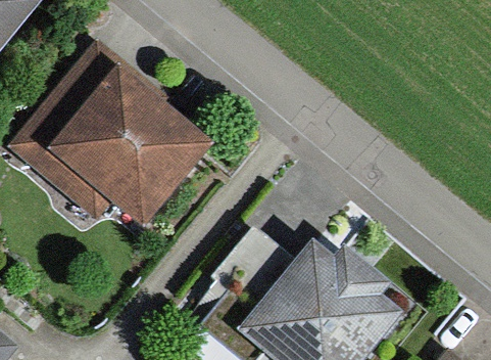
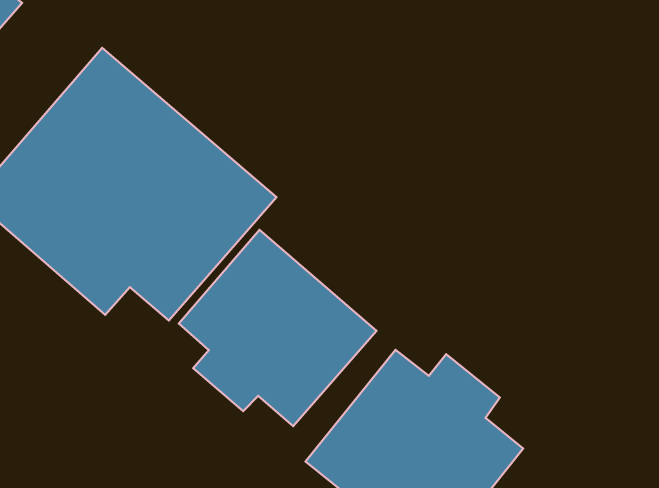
building: none -> [179,230,376,426]

